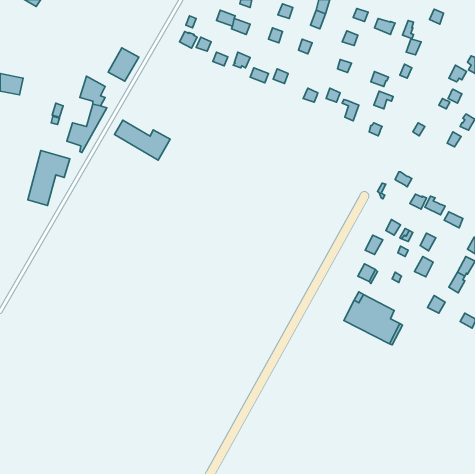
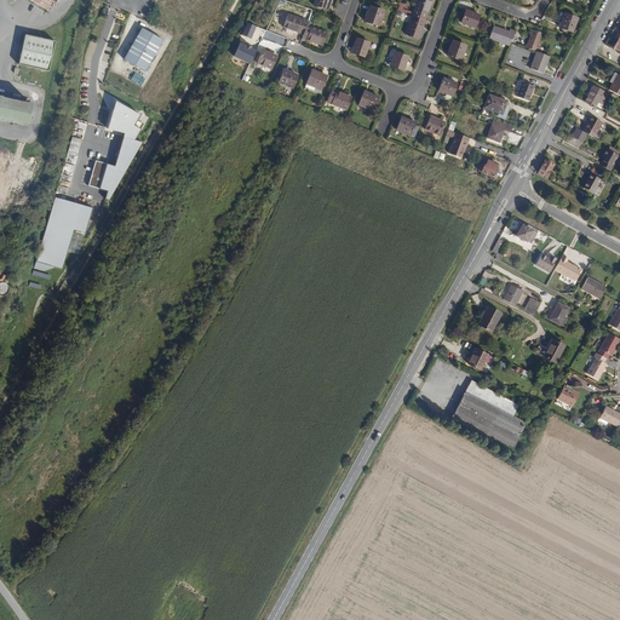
building: none -> [19,33,56,69]
building: [108,48,139,81] -> [122,27,162,70]
building: [115,120,170,160] -> none

